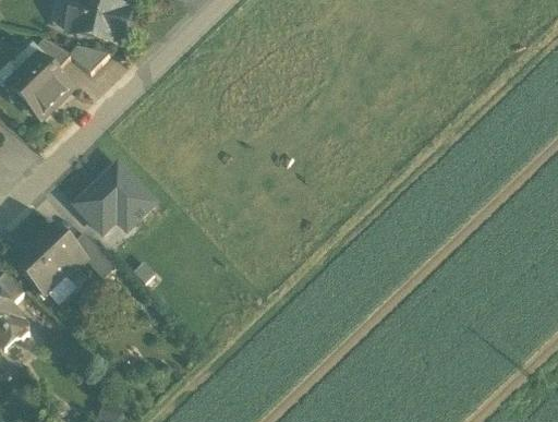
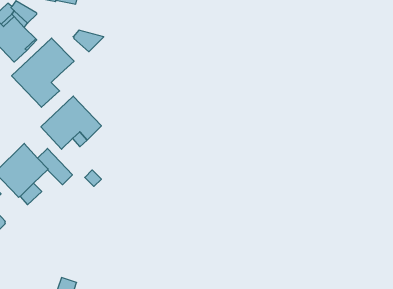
building: [68,44,108,72] -> [73,30,104,52]
building: none -> [12,38,74,107]

